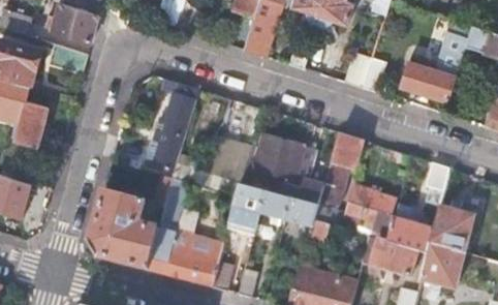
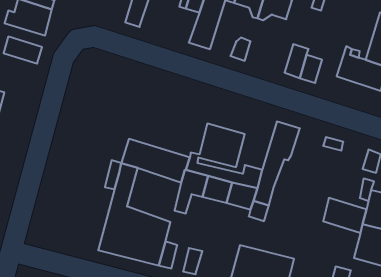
building: [150,84,198,173] -> none
building: [343,186,395,233] -> none
building: [88,190,158,271] -> none
building: [361,237,428,279] -> none

